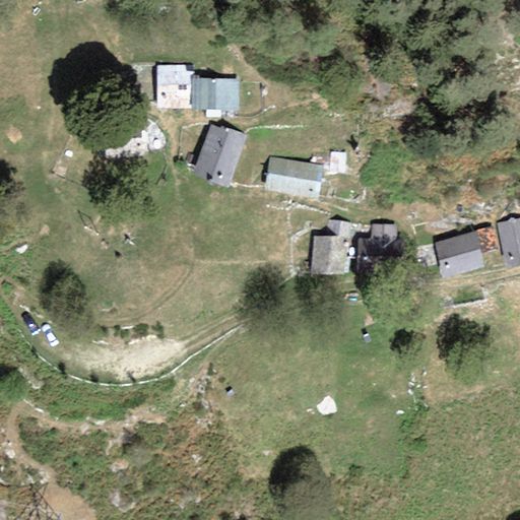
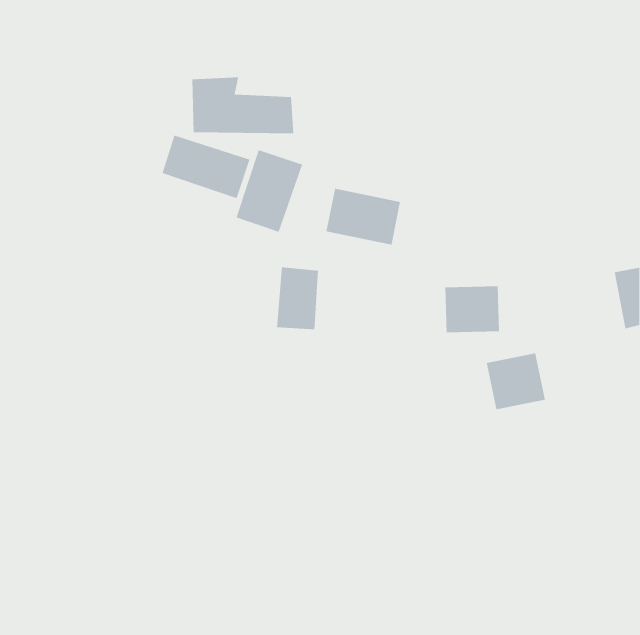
building: none -> [161,134,251,199]
building: [311,229,345,280] -> [276,266,319,330]
building: [435,230,483,276] -> [486,352,546,410]

